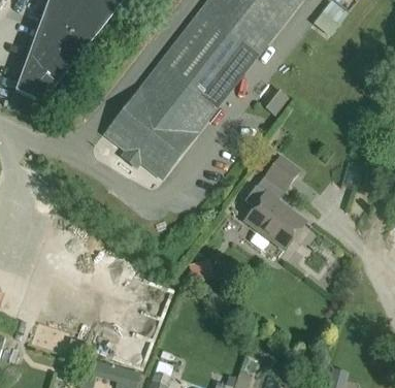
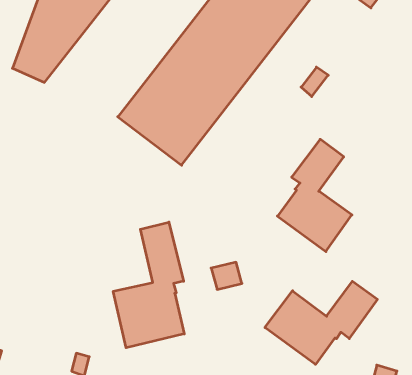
building: none -> [113,222,184,348]
building: none -> [265,281,377,364]

